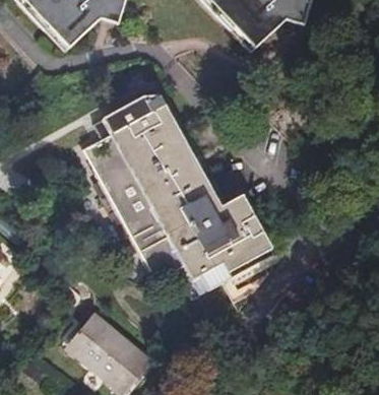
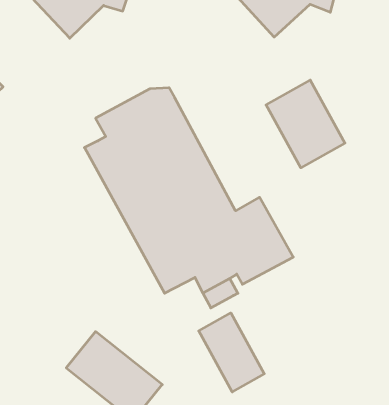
building: none -> [266,80,345,168]
building: none -> [199,313,264,392]

